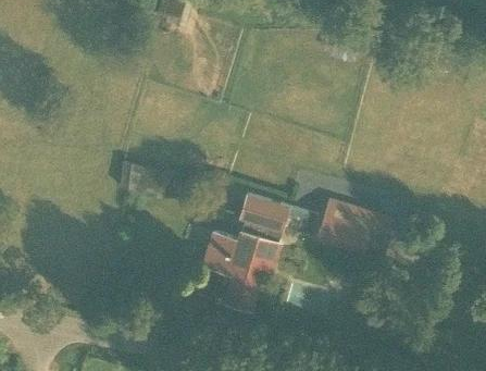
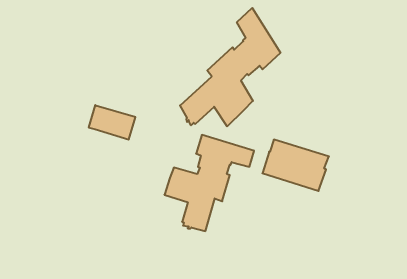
building: none -> [180,8,280,126]

